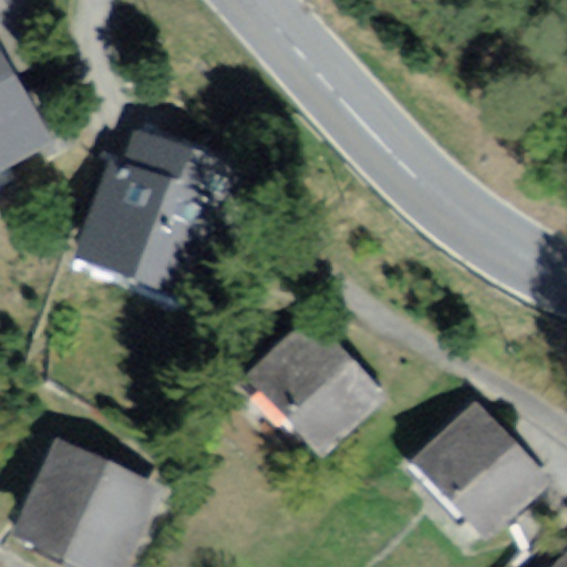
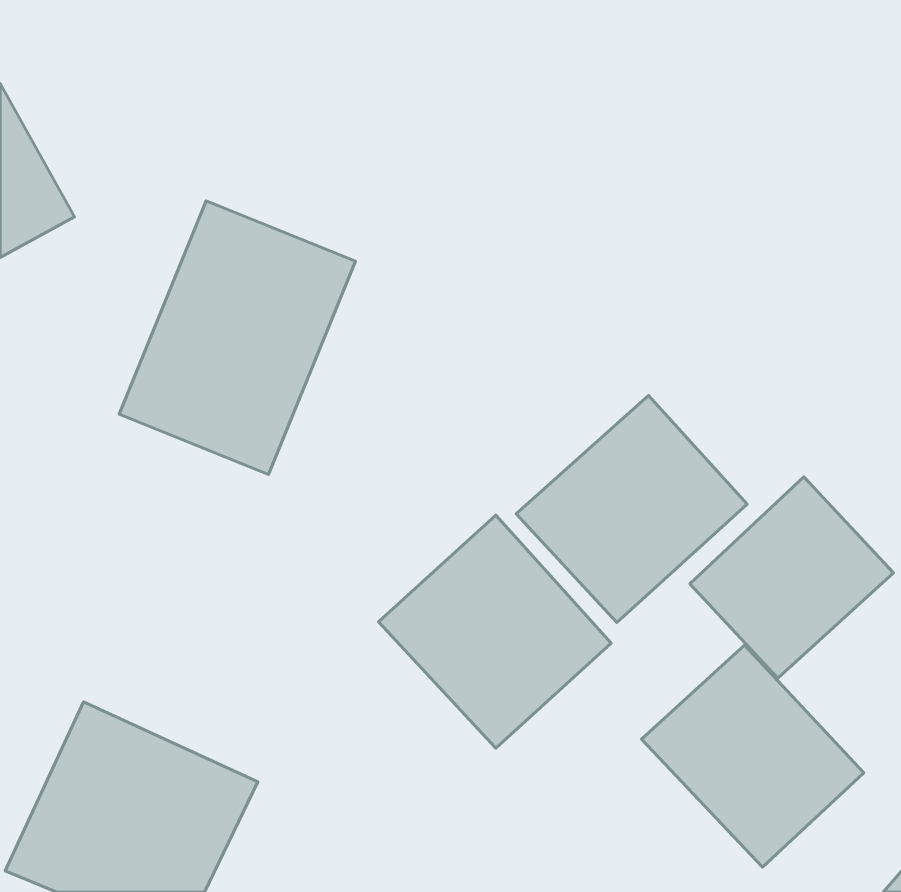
building: none -> [516,395,747,623]
building: none -> [690,477,893,678]

